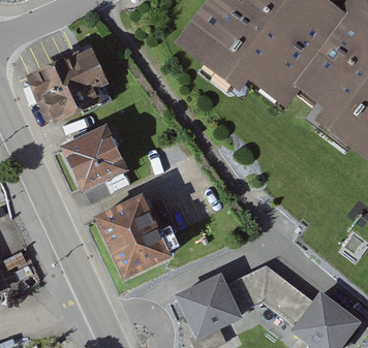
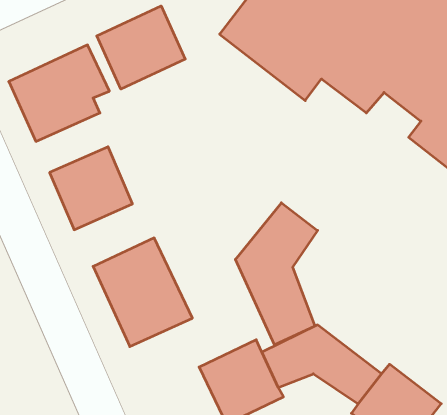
building: none -> [97,6,185,89]
building: none -> [235,203,318,345]

